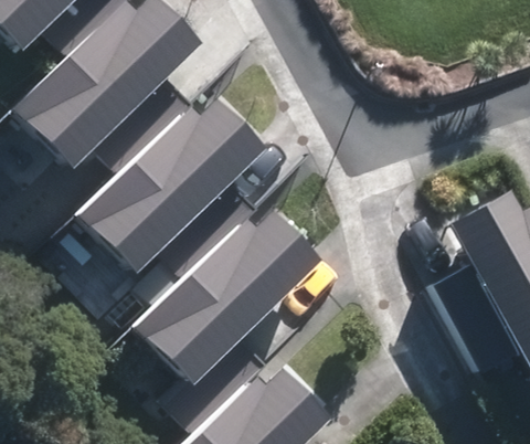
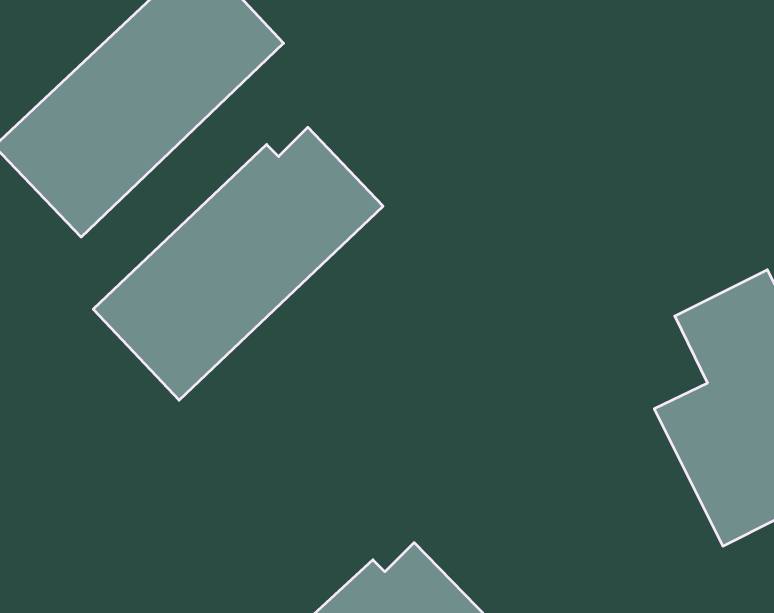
building: [135,210,321,385] -> none

